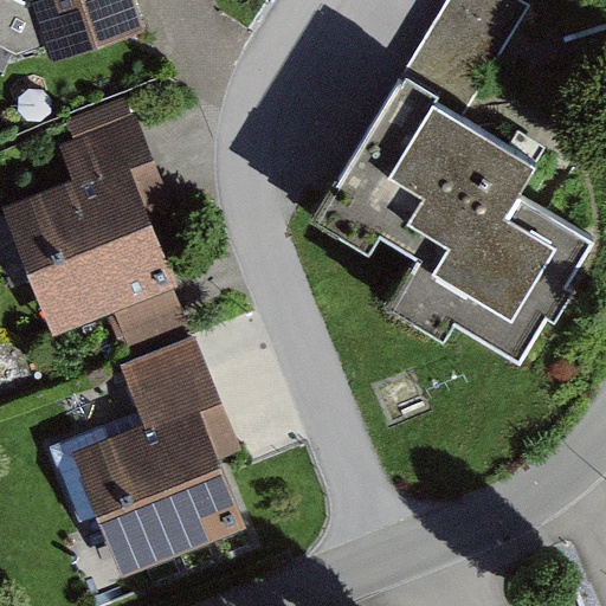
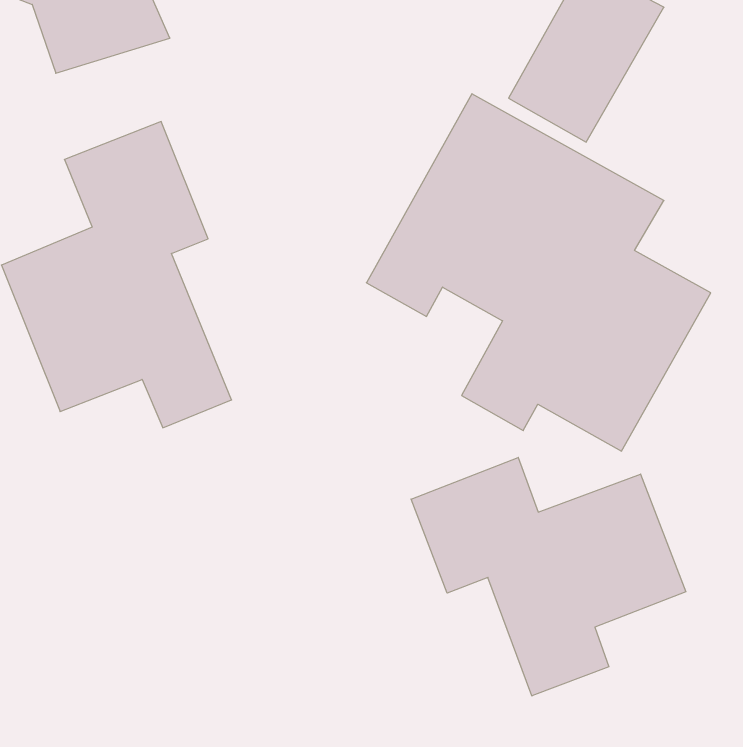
building: [71,328,245,568] -> none
building: none -> [411,457,686,696]

